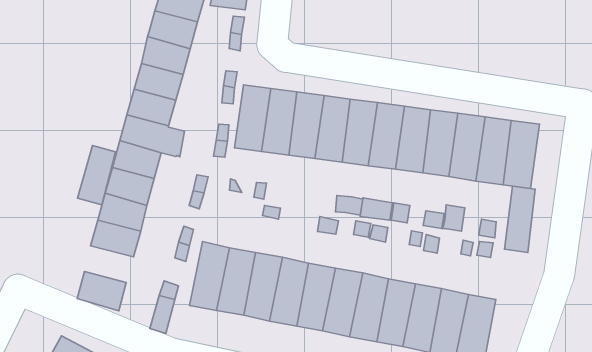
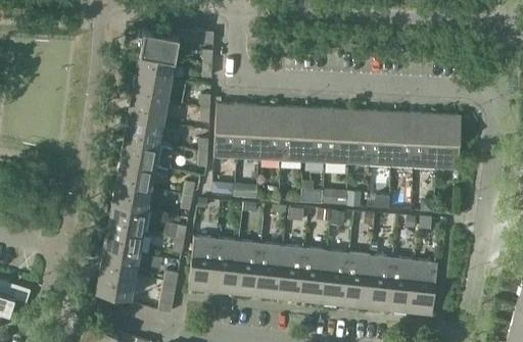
building: [78,145,116,205] -> none
building: [504,186,535,252] -> none
building: none -> [101,247,140,275]

